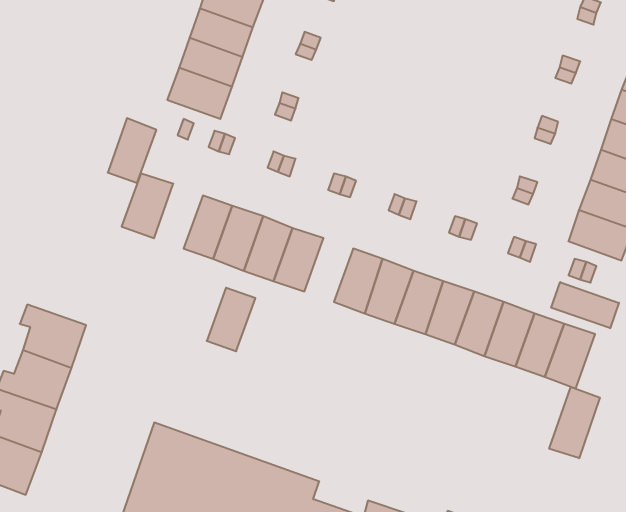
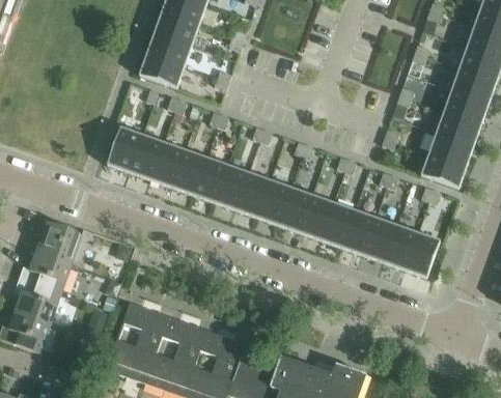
building: [108,118,156,183] -> [129,134,163,179]
building: [551,282,619,328] -> none
building: [207,288,255,351] -> [234,172,269,217]
building: [549,387,600,458] -> none

